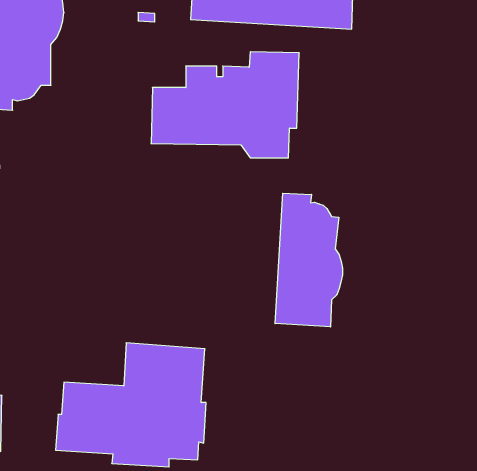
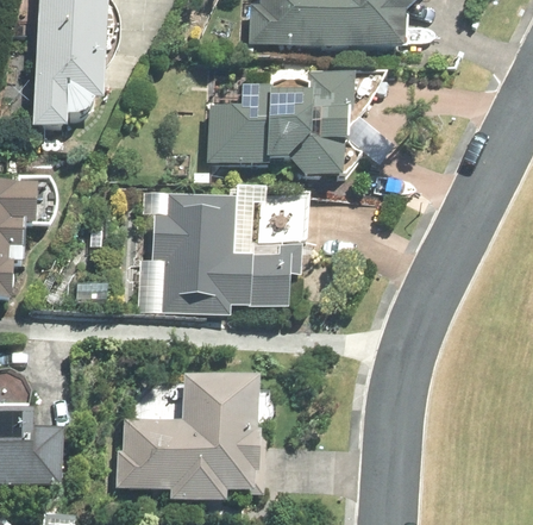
building: none -> [149,190,301,315]
building: [275,193,343,327] -> none

